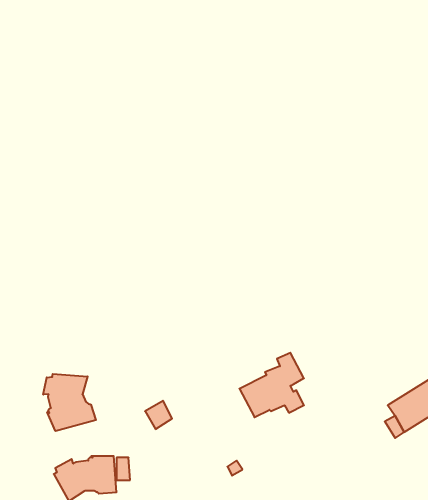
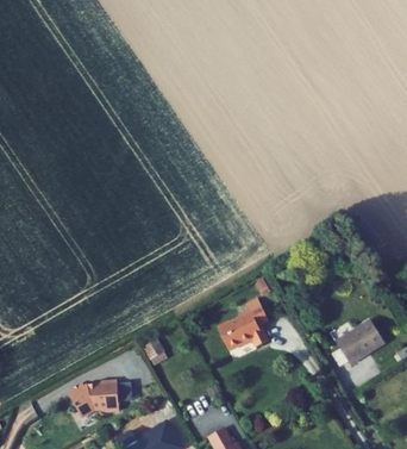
building: [43,374,96,431] -> none

